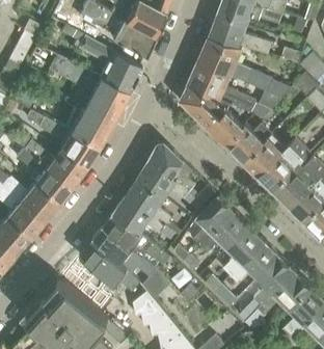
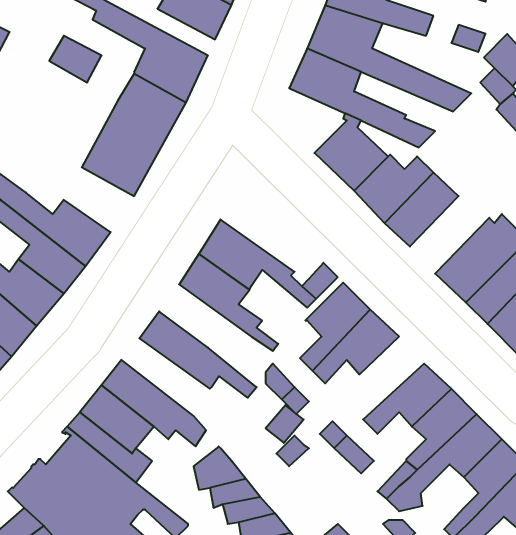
building: [182,85,222,123] -> none
building: [28,111,100,168] -> none
building: [259,140,308,192] -> none
building: [150,143,197,191] -> none
building: [114,198,167,236] -> none
building: [226,229,267,276] -> none
building: [92,230,158,277] -> none

